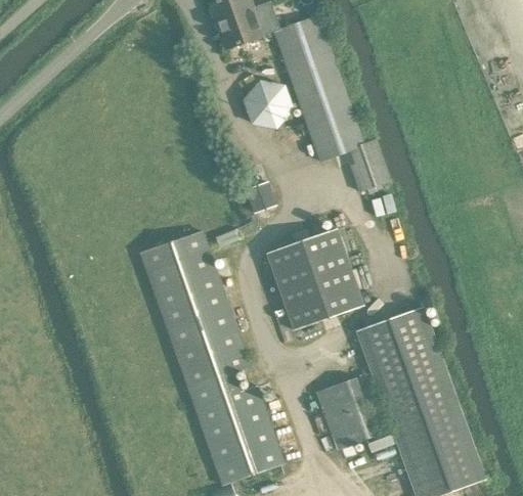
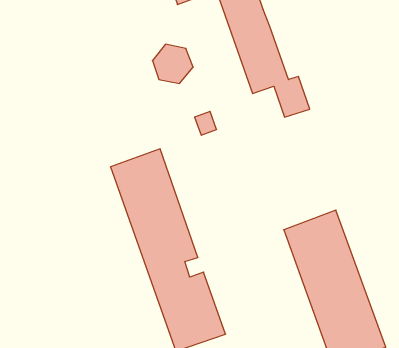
building: [242,80,293,129] -> [152,44,193,83]
building: [266,229,362,330] -> none
building: [315,377,377,450] -> none

